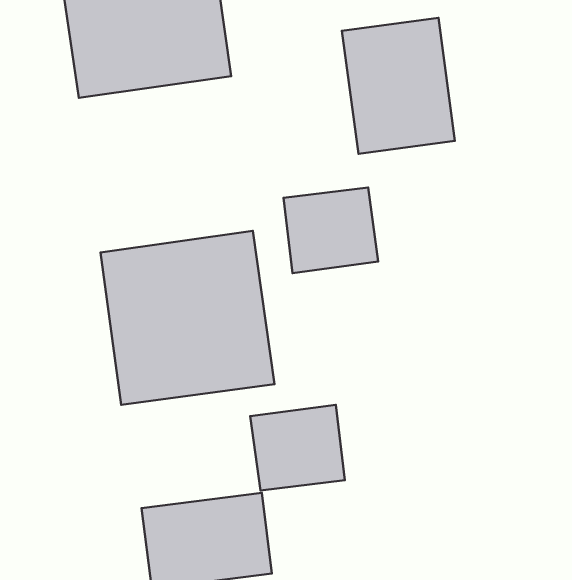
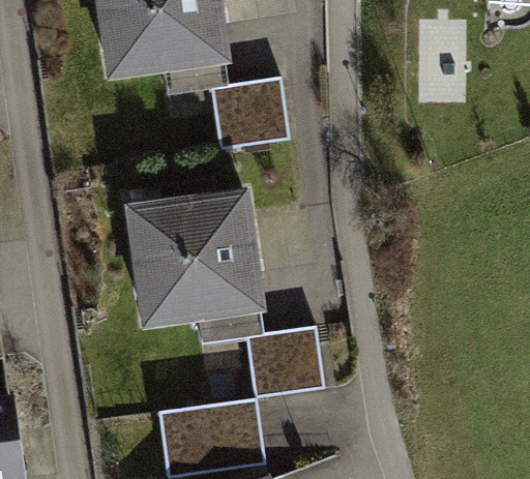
building: [342,18,455,154] -> none
building: [284,187,378,273] -> [212,80,289,149]

